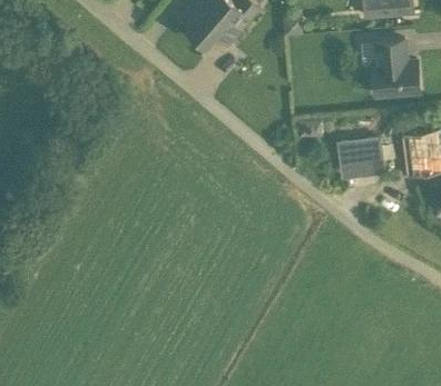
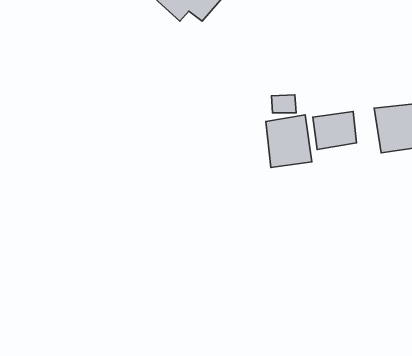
building: [372,37,420,96] -> none
building: none -> [266,115,312,168]

